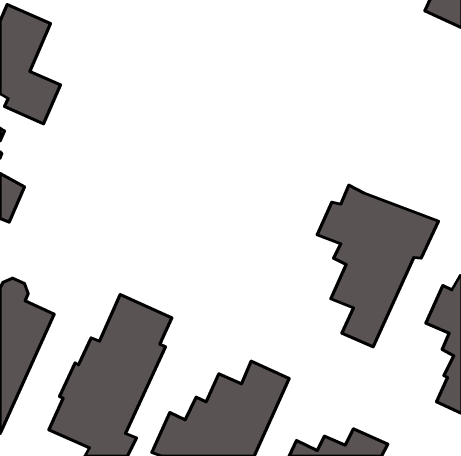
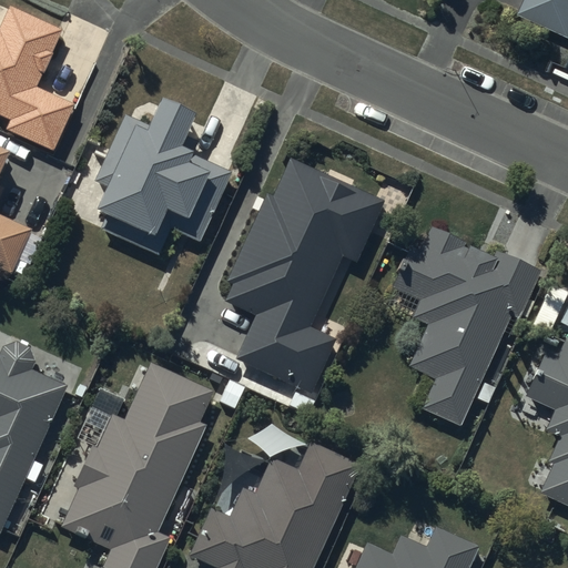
building: none -> [95,106,232,255]
building: none -> [223,158,383,395]

